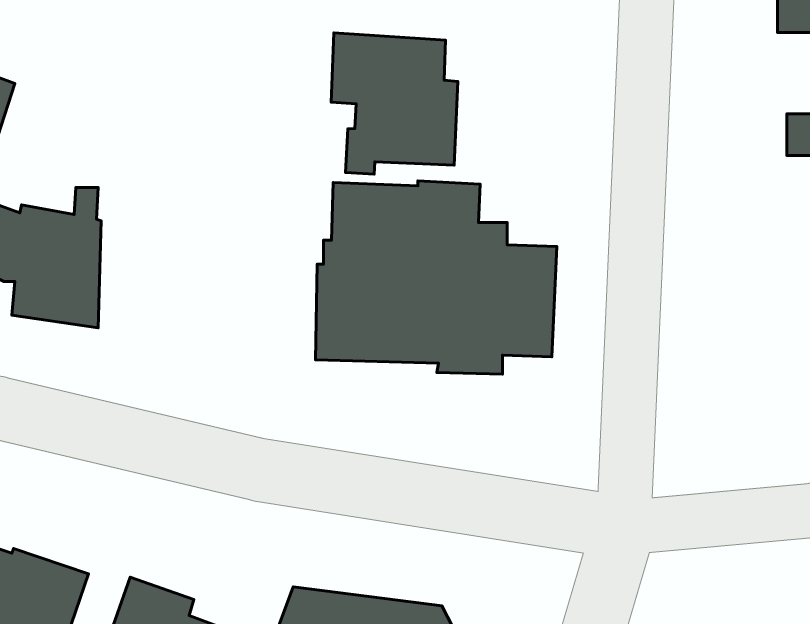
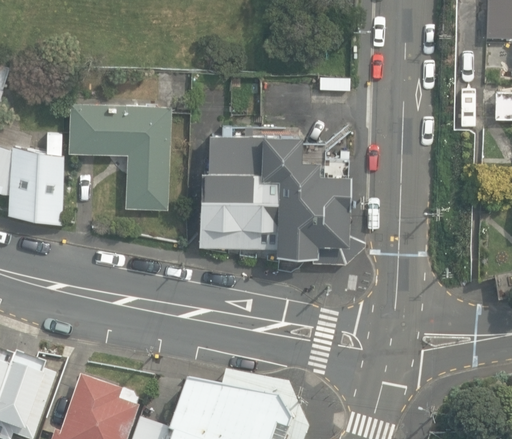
building: [331,33,458,174] -> none
building: none -> [69,101,171,207]

